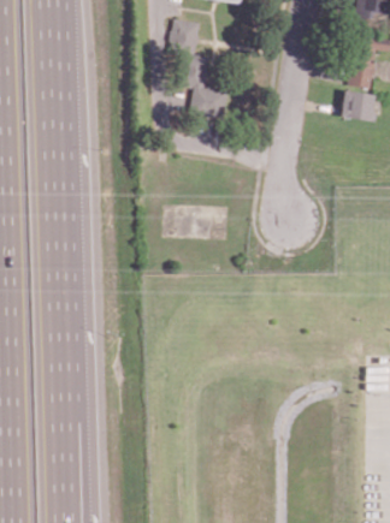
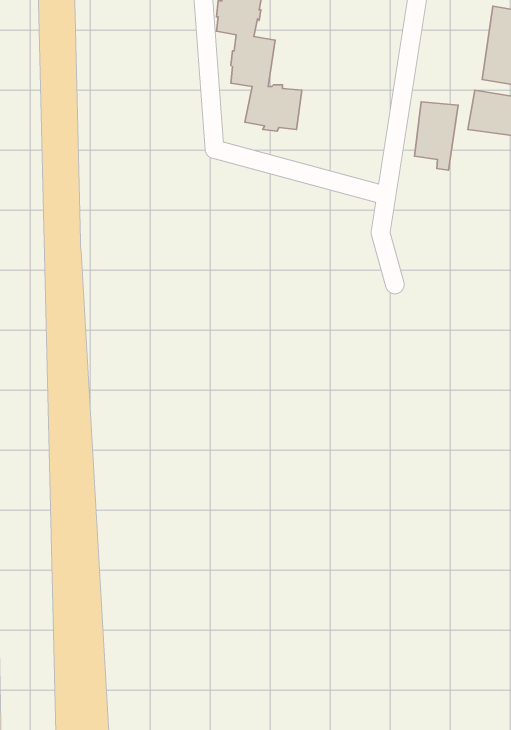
building: none -> [414,102,458,170]

